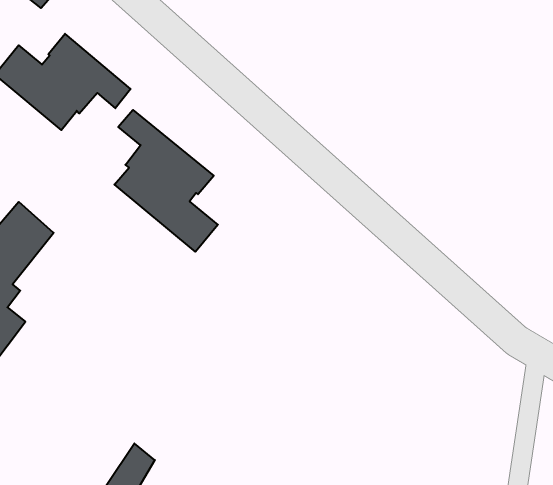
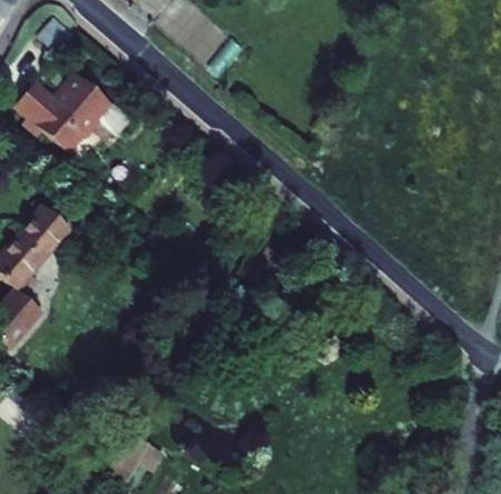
building: [114,110,218,252] -> none

